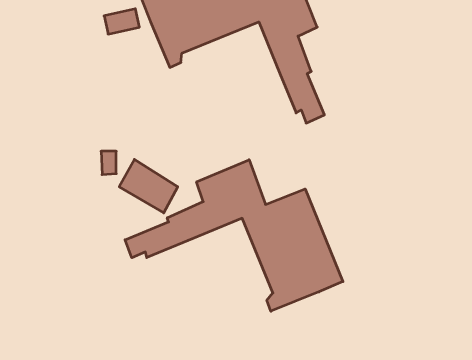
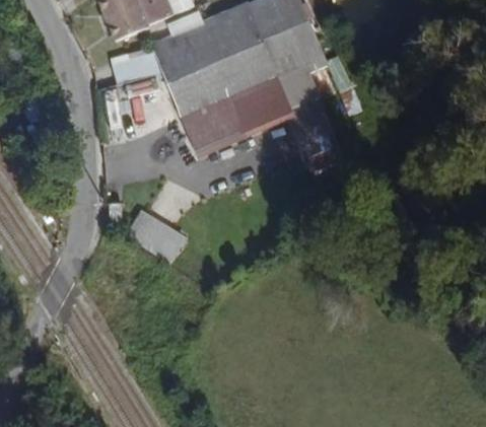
building: none -> [179,64,289,152]
building: [125,160,343,311] -> none

